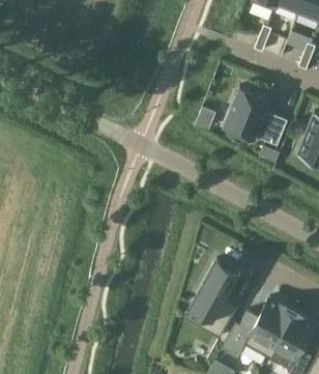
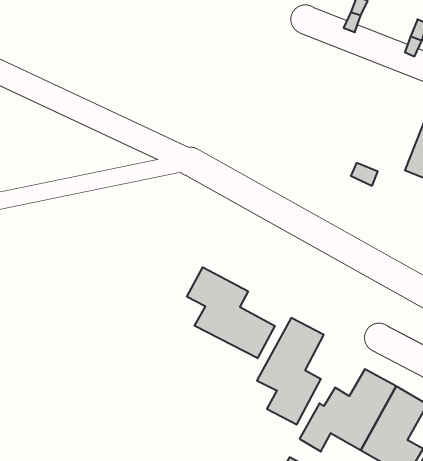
building: [223,88,288,146] -> none
building: none -> [187,267,275,358]

